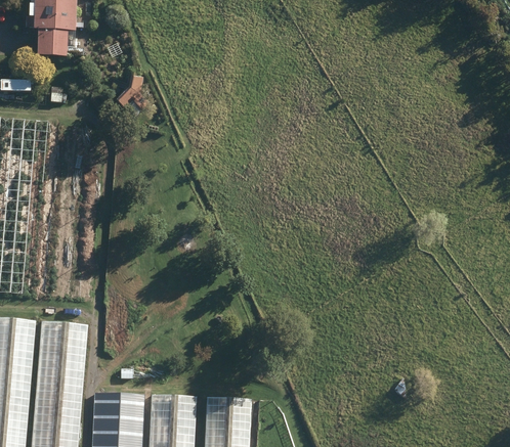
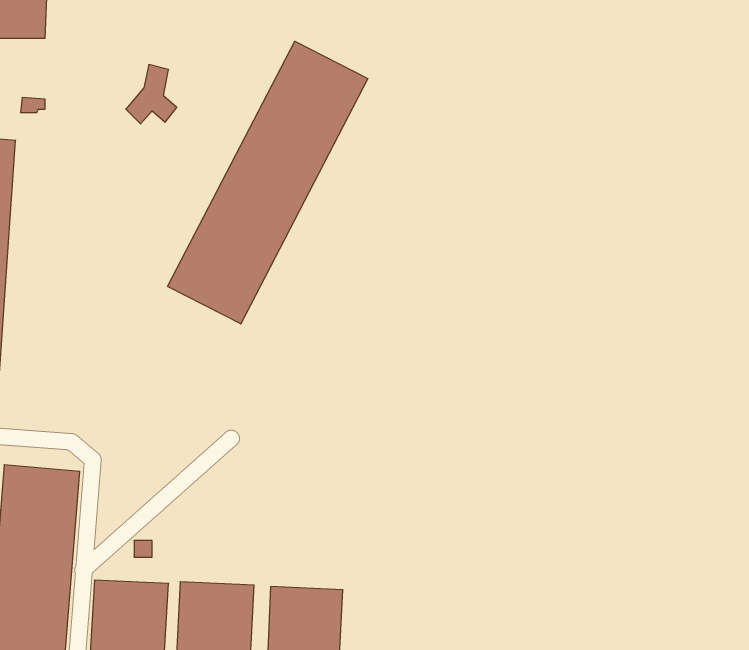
building: none -> [168,41,368,324]

